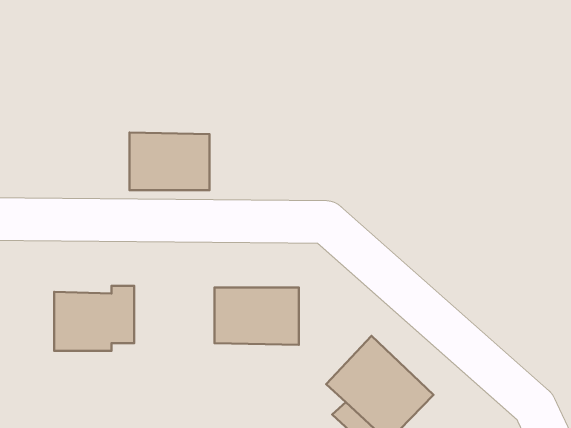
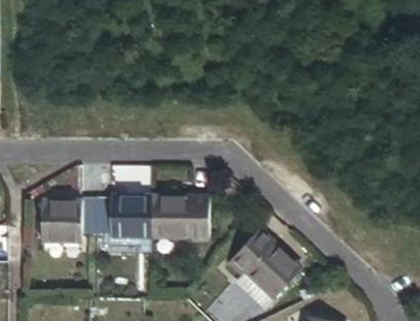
building: [129,133,210,190] -> [95,197,150,236]

